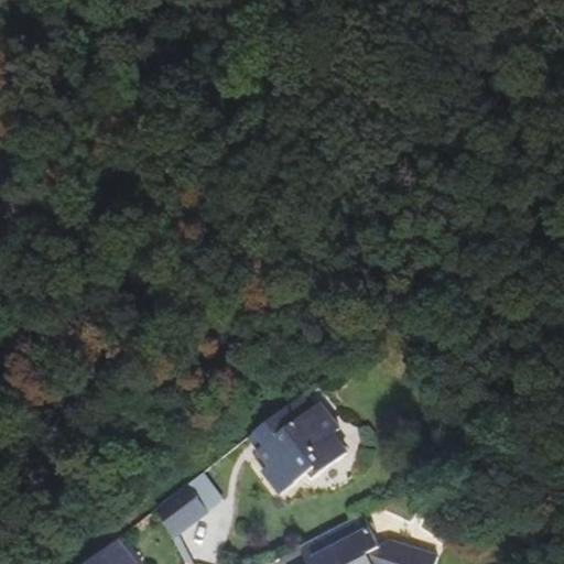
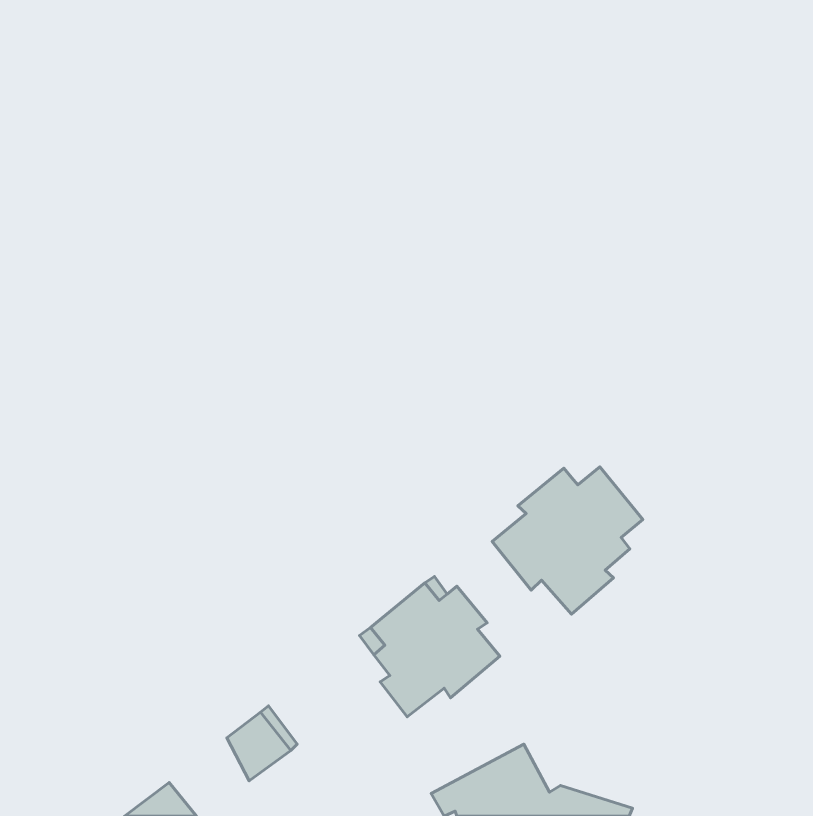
building: none -> [492,467,643,614]

